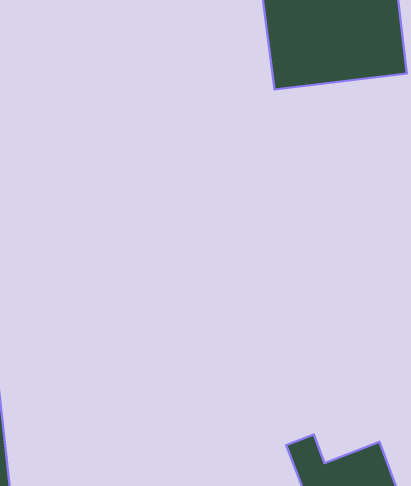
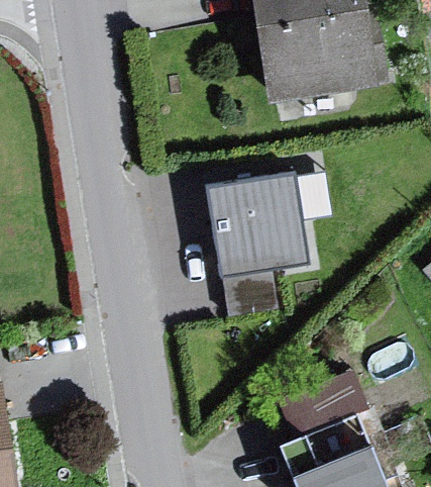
building: none -> [205,166,307,272]

